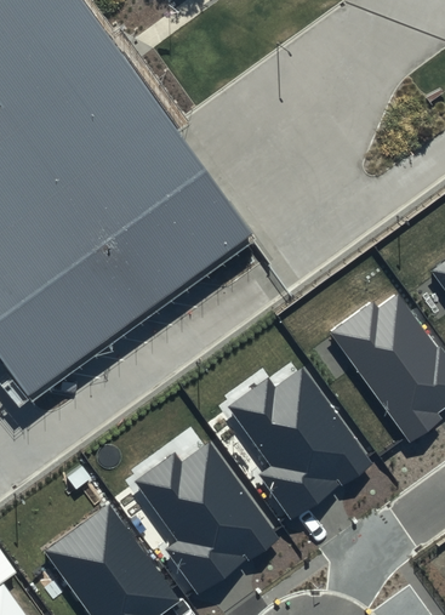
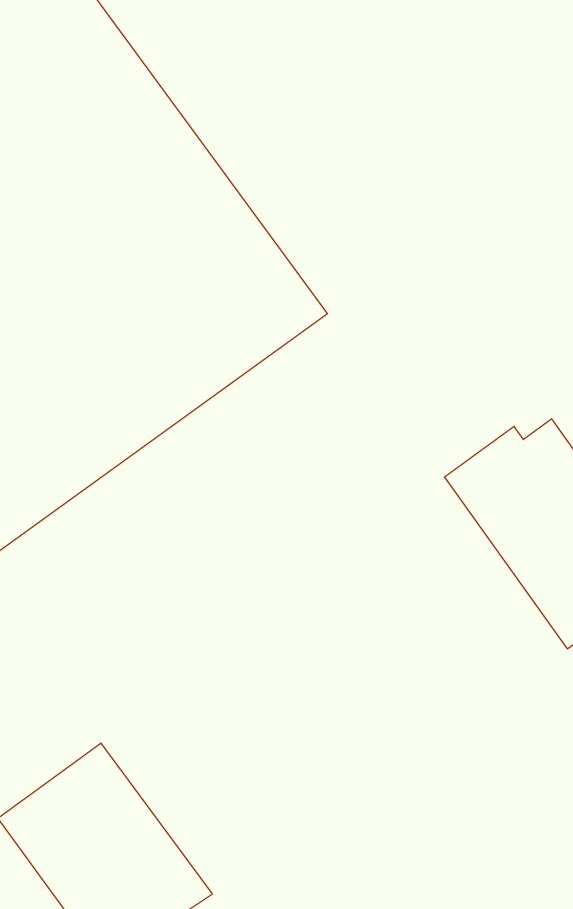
building: [227,372,369,520] -> none
building: [135,445,278,598] -> none

